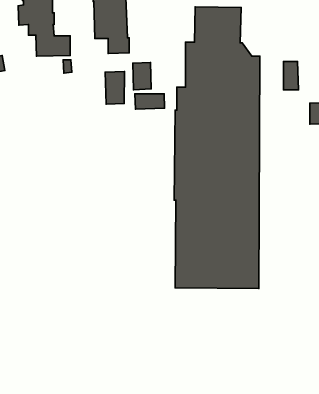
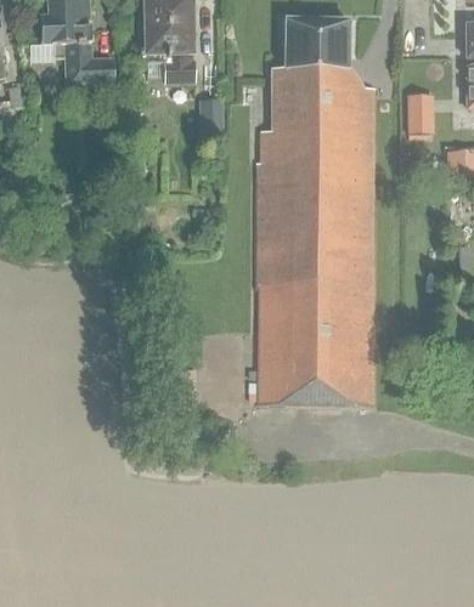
building: [105,72,124,104] -> none
building: [135,94,165,109] -> none

